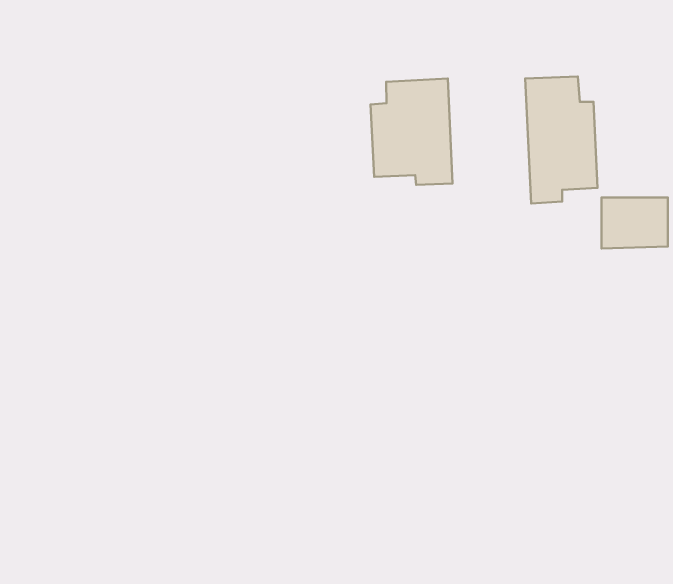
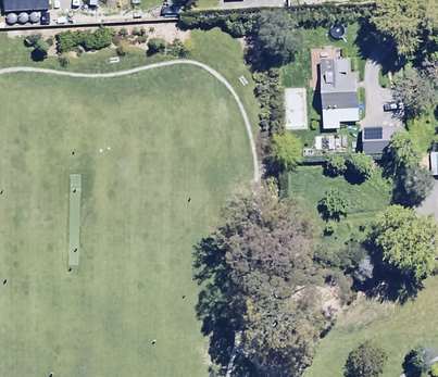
building: [371,79,453,185] -> none

